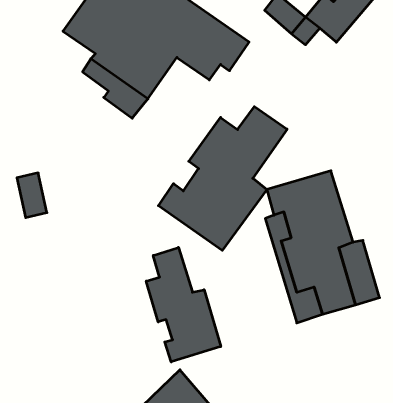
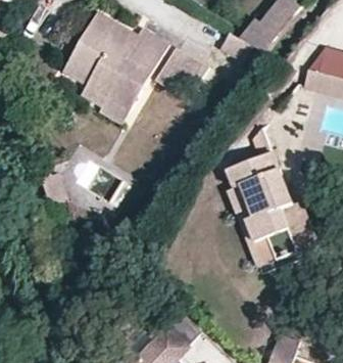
building: [158,107,287,250] -> none
building: [146,247,221,362] -> none

